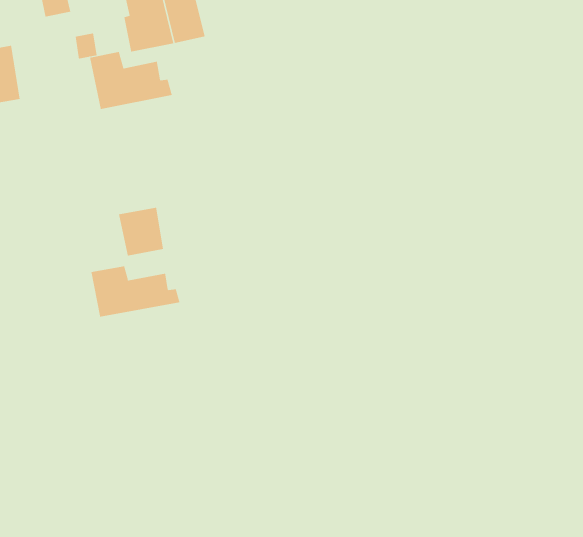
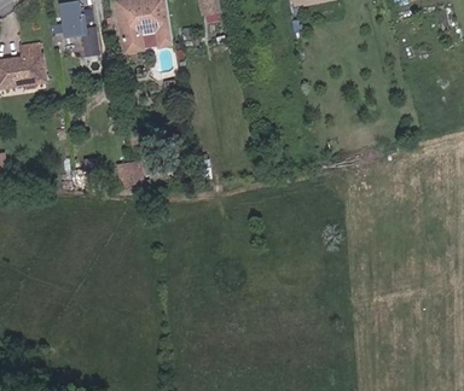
building: [89,51,172,110] -> none
building: [91,265,180,317] -> none

